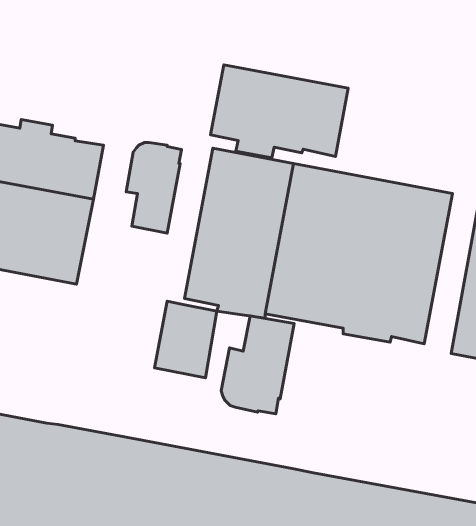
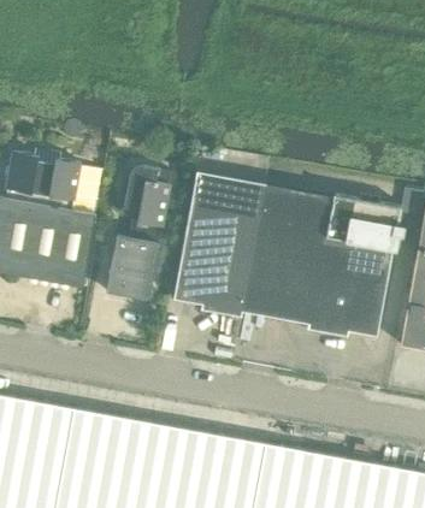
building: [210,65,348,158] -> none
building: [155,301,217,378] -> [106,235,159,300]
building: [221,316,294,414] -> none

